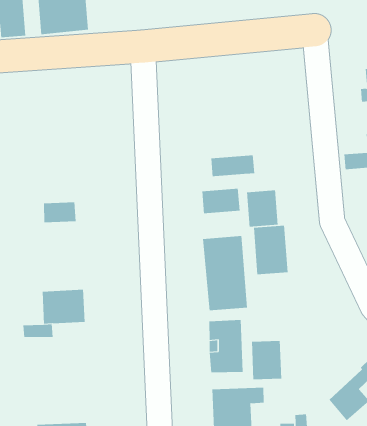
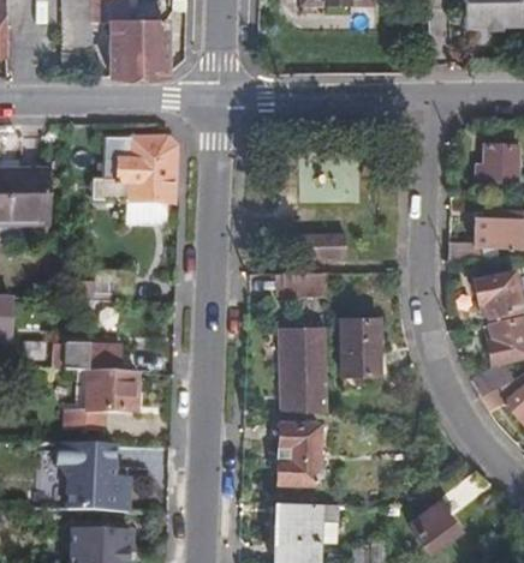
building: none -> [96,140,173,200]
building: [247,190,278,228] -> none
building: none -> [64,345,138,375]
building: [251,340,282,380] -> none
building: none -> [64,445,136,515]

